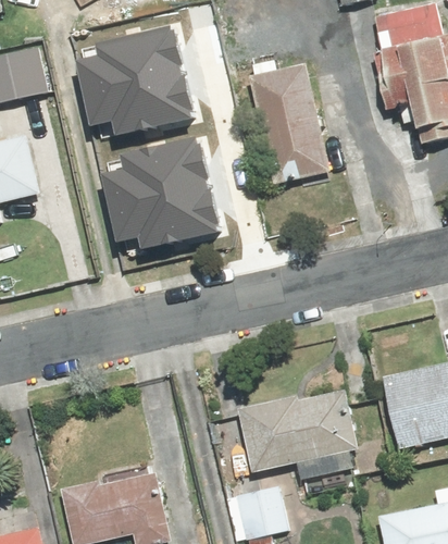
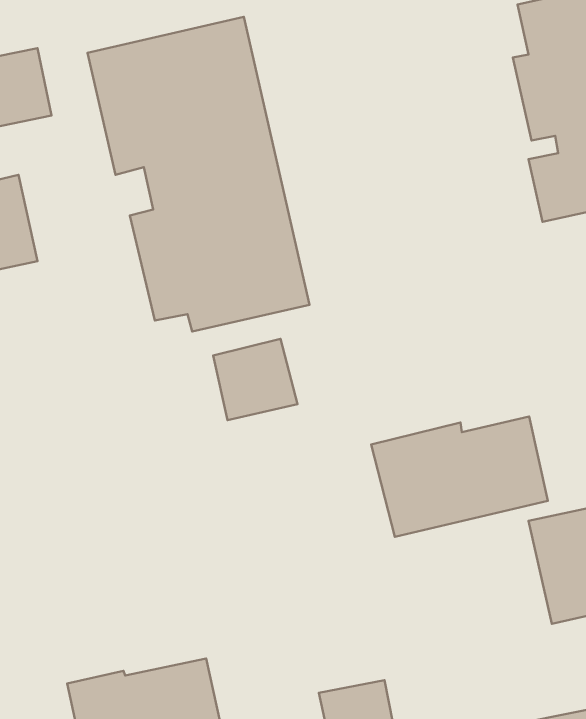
building: [248,53,331,186] -> none
building: none -> [213,339,297,420]
building: [235,390,358,473] -> [371,416,548,537]

